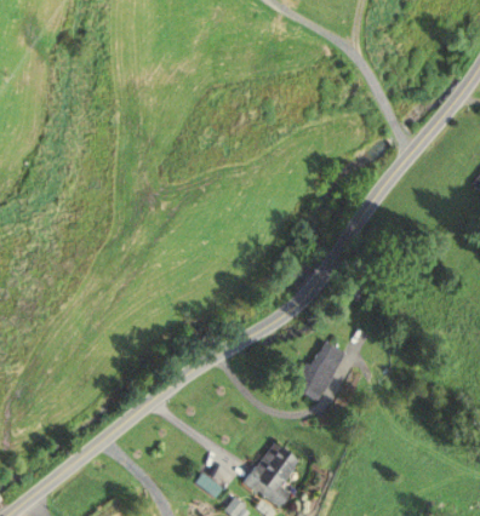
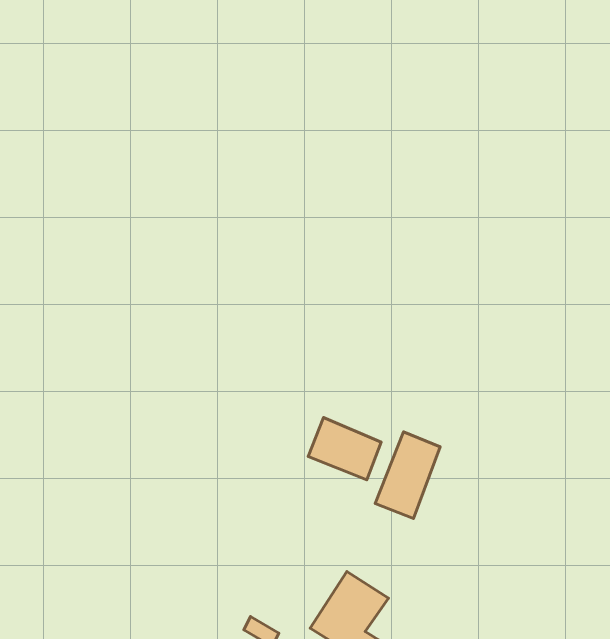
building: none -> [308,418,381,480]

